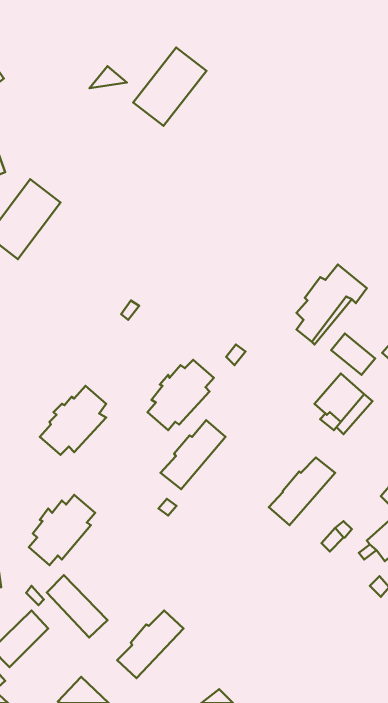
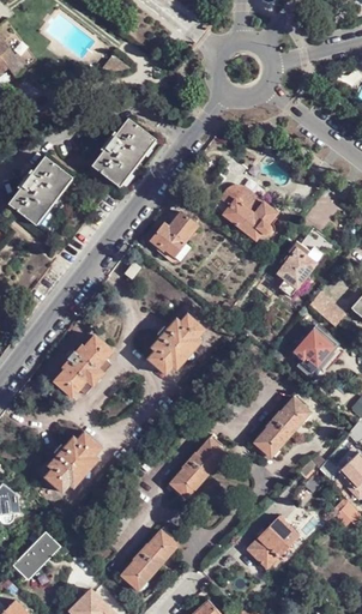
building: [133,47,206,126] -> [91,118,155,186]
building: none -> [219,185,277,239]
building: none -> [150,211,198,257]
building: [161,420,225,489] -> [170,438,227,498]
building: [47,575,108,637] -> none
building: none -> [247,514,300,567]

